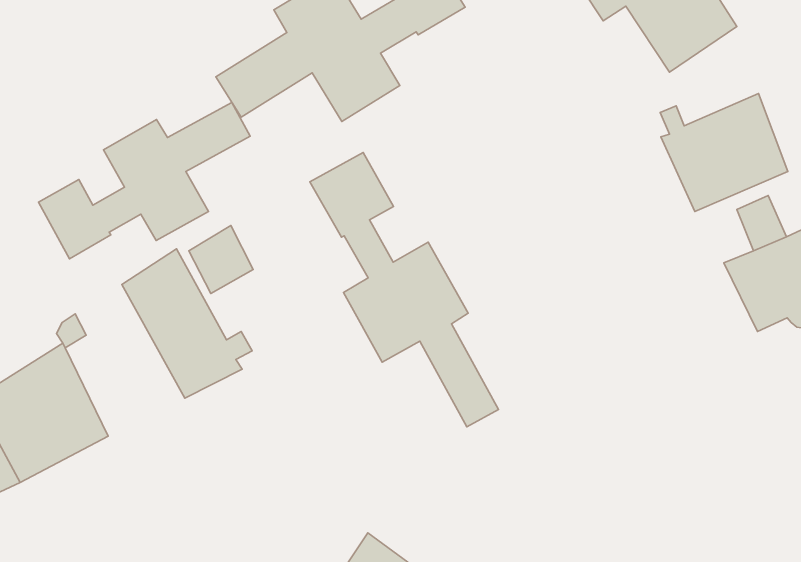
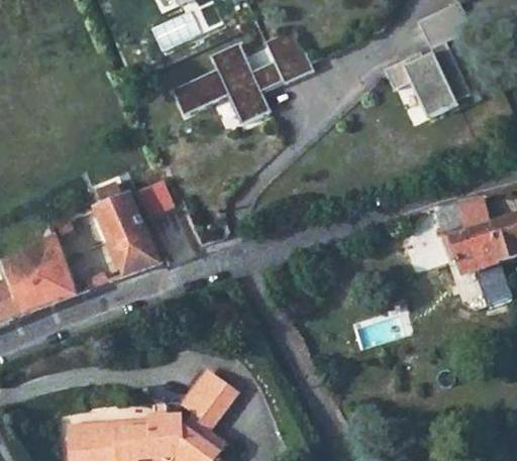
building: [660,94,788,211] -> none
building: [38,102,250,259] -> none
building: [310,153,499,427] -> none

